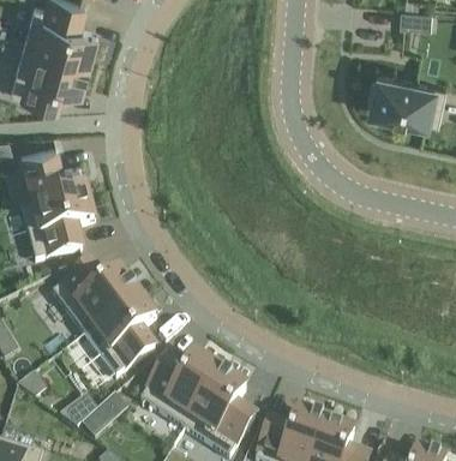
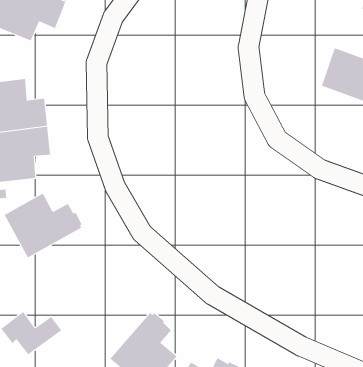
building: [83,298,155,381] -> none
building: [139,358,220,431] -> none

